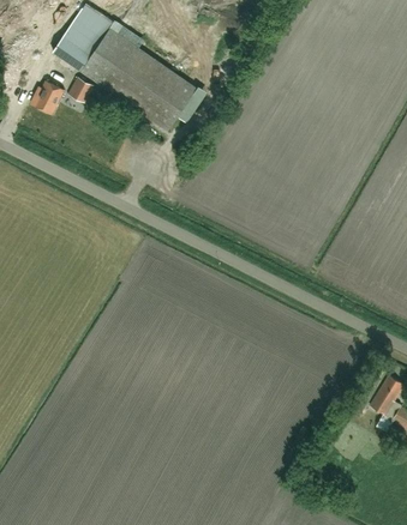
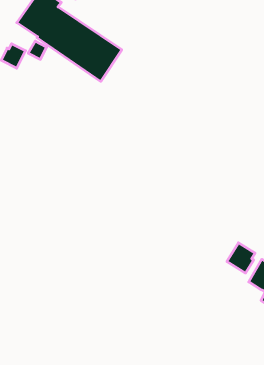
building: none -> [227,243,255,273]

